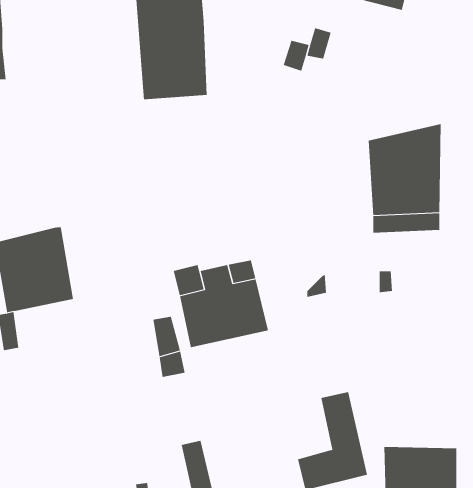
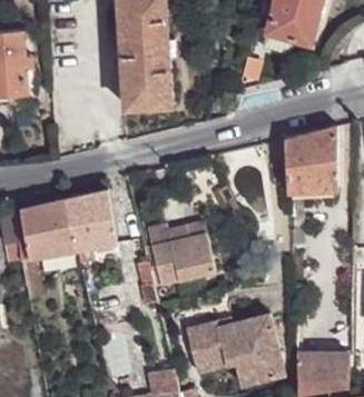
building: none -> [68,189,117,249]
building: none -> [186,319,259,371]

